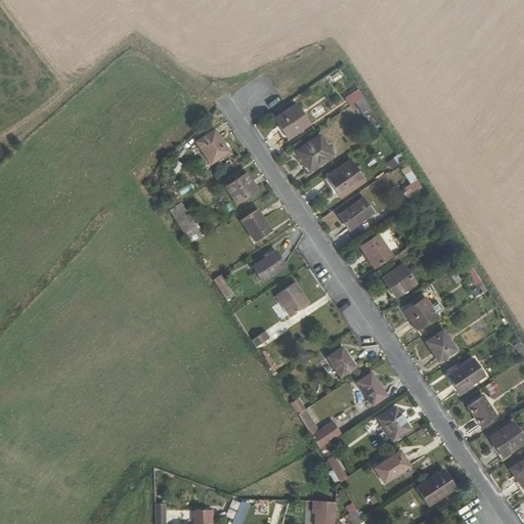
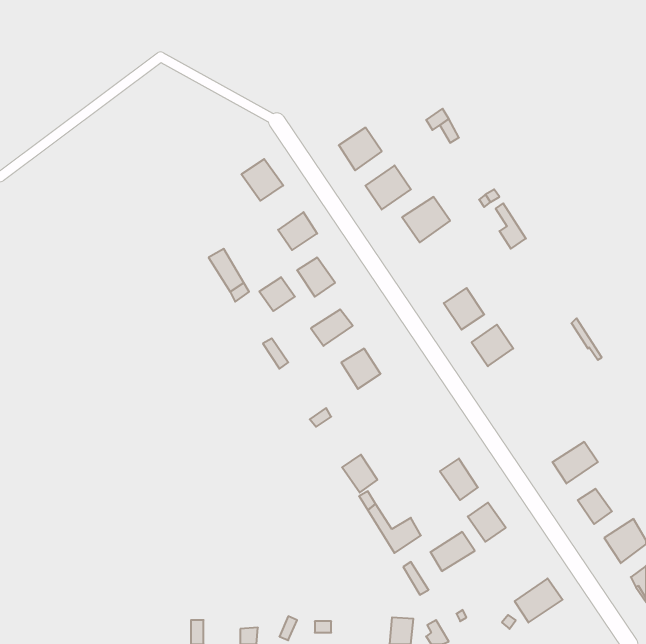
building: [338,196,374,229] -> none
building: none -> [259,277,295,311]
building: [404,297,442,329] -> none
building: [426,330,456,361] -> none
building: [326,346,355,377] -> [342,455,377,493]
building: [375,450,410,482] -> [430,532,475,571]

